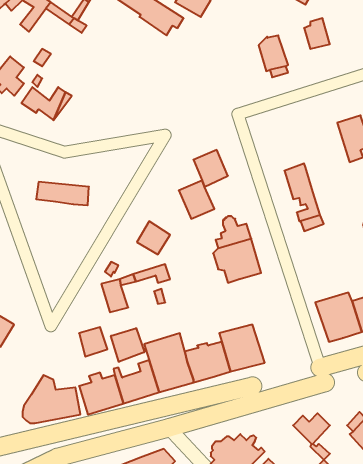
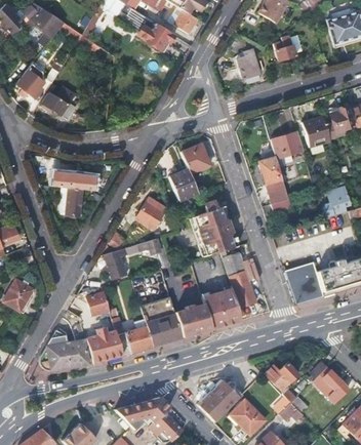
building: none -> [272,130,303,178]
building: none -> [59,187,82,214]
building: none -> [224,252,258,308]
building: [111,328,144,362] -> none

